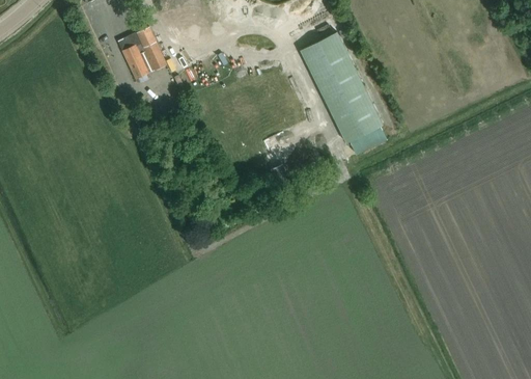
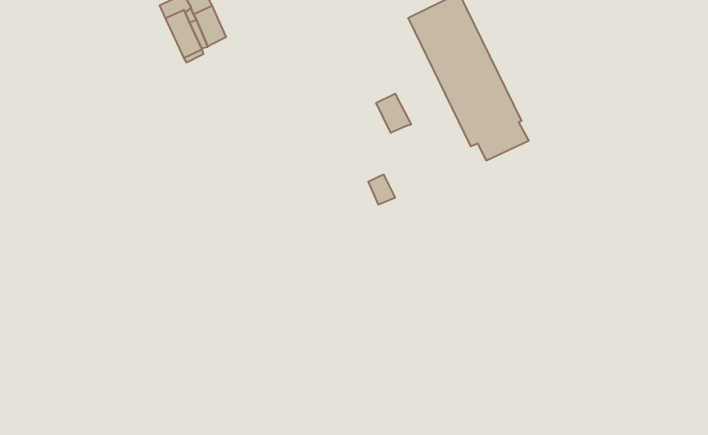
building: none -> [376,94,411,133]

